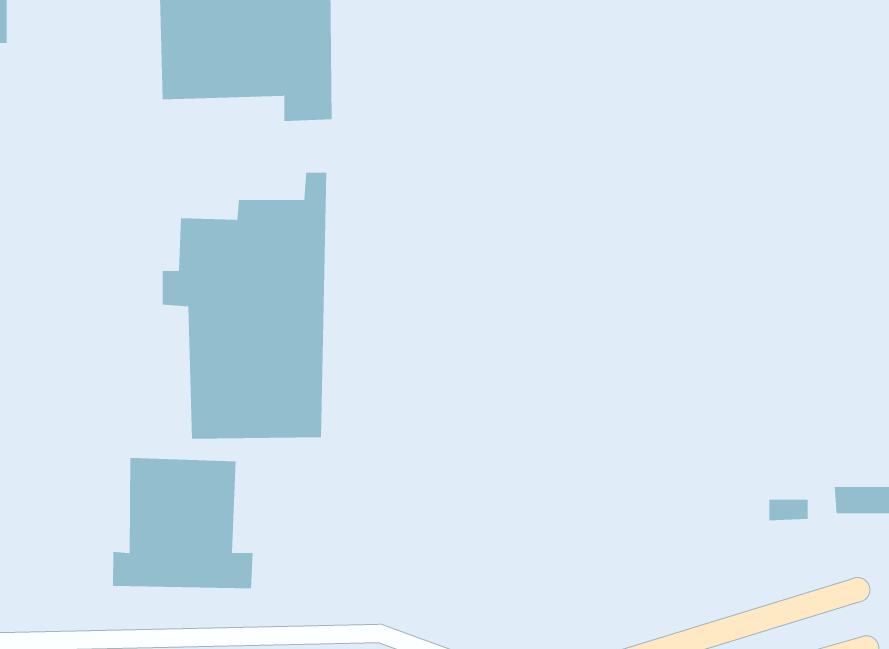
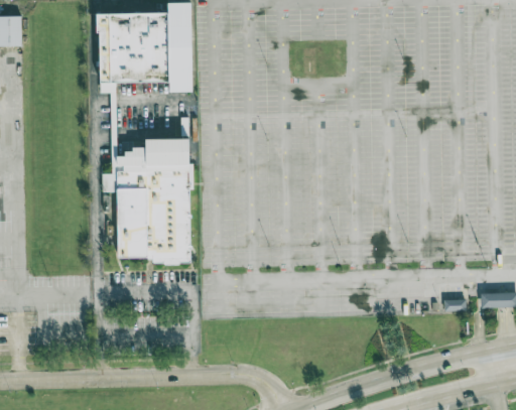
building: [112,457,253,589] -> none

